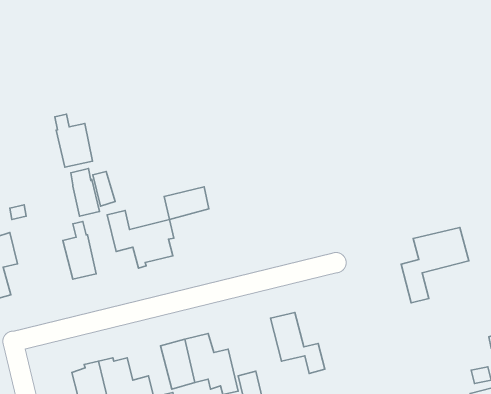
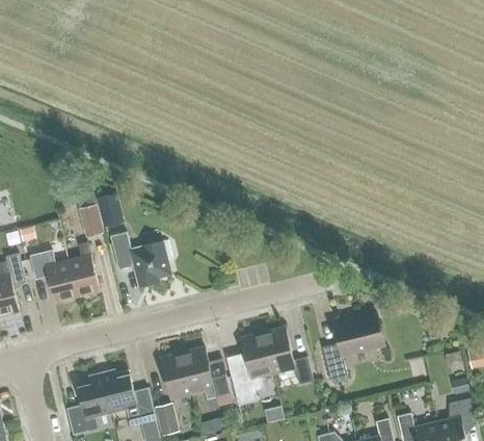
building: [55,114,92,167] -> none
building: [164,187,209,219] -> none
building: [401,227,469,303] -> [322,313,385,384]
building: none -> [30,250,78,303]
building: none -> [241,333,273,379]

